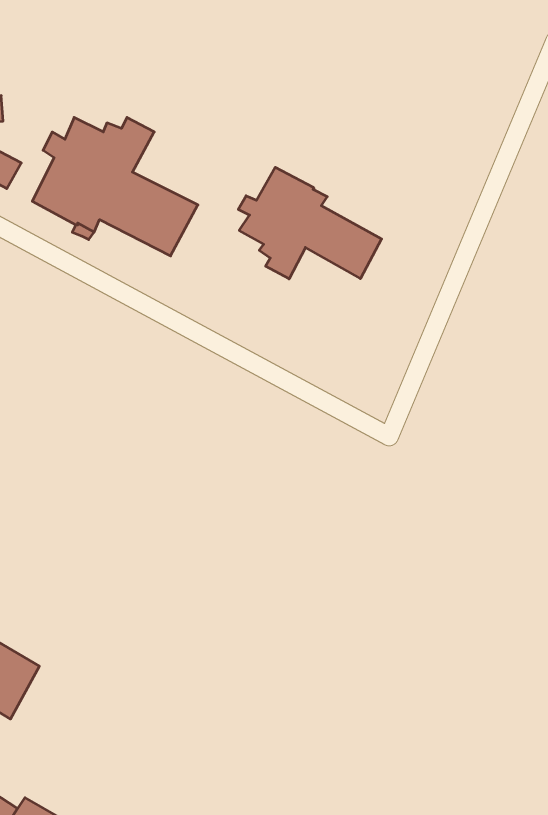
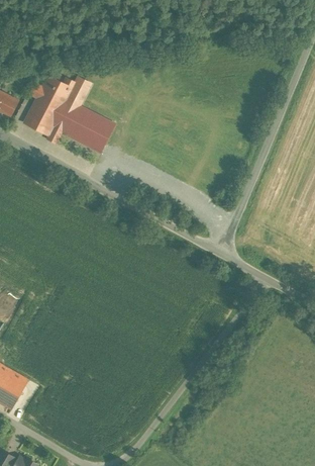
building: [238,167,382,279] -> none

